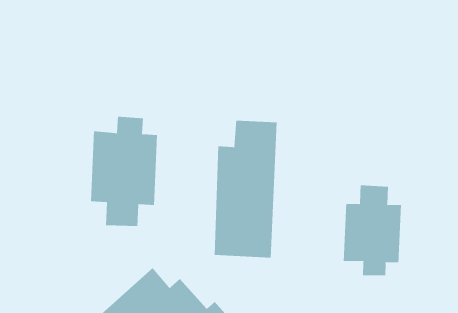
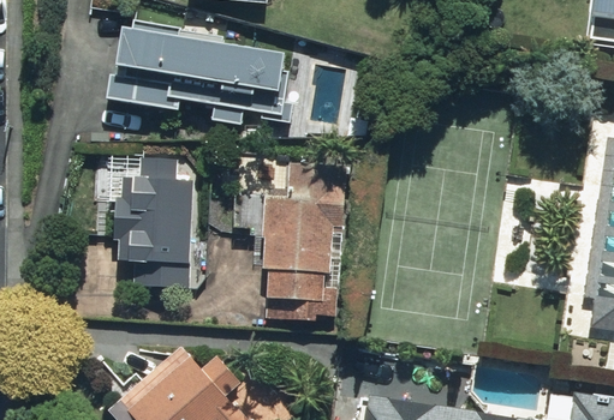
building: none -> [105,28,293,131]
building: [343,185,401,276] -> none

